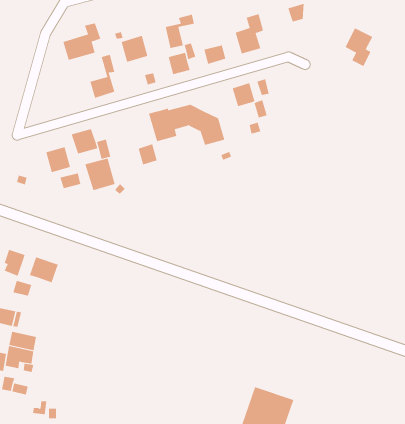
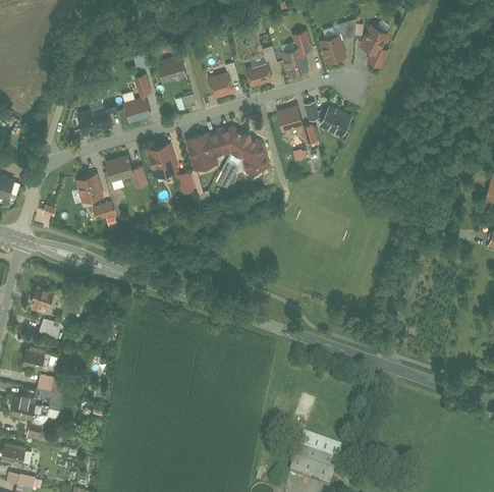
building: [165,14,194,49] -> none
building: none -> [319,34,346,62]
building: [63,23,101,61] -> [76,94,118,134]
building: [345,27,373,67] -> [360,24,390,67]
building: none -> [319,105,350,135]
building: [84,158,116,191] -> [145,142,178,177]
building: [29,256,58,283] -> none

